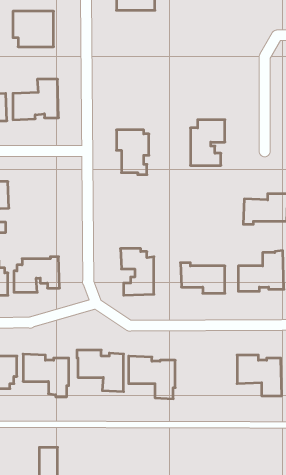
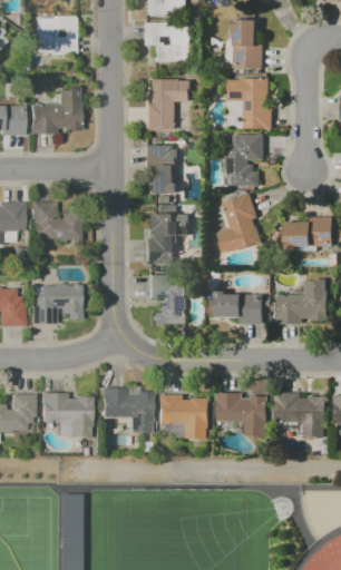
building: none -> [230,20,264,69]
building: none -> [142,22,191,61]
building: none -> [228,79,272,130]
building: none -> [146,80,191,130]
building: none -> [216,194,261,255]
building: none -> [30,202,81,240]
building: none -> [145,213,189,265]
building: none -> [216,393,266,439]

